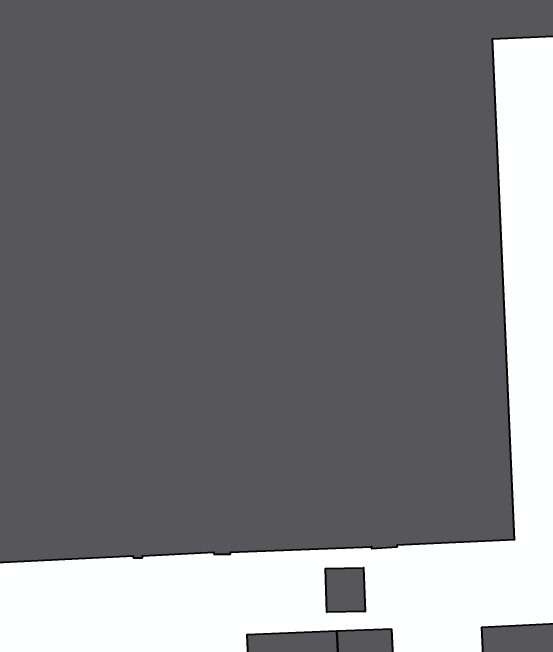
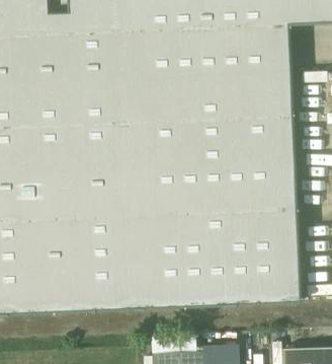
building: [325,568,365,612] -> none

